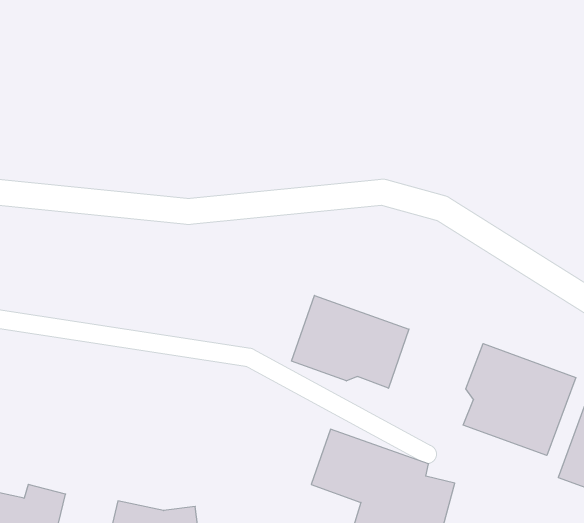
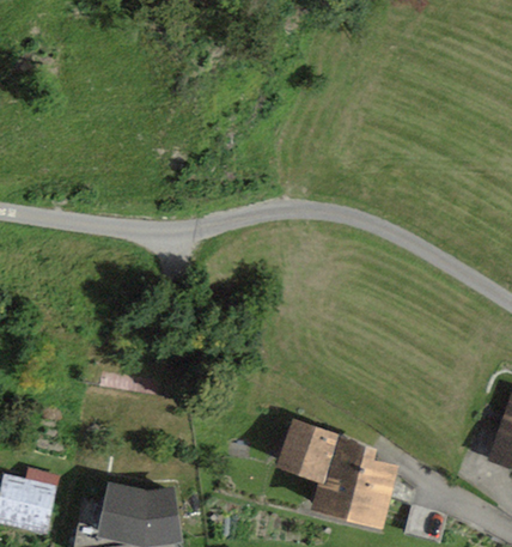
building: [291,295,409,388] -> none
building: [463,344,576,455] -> none

